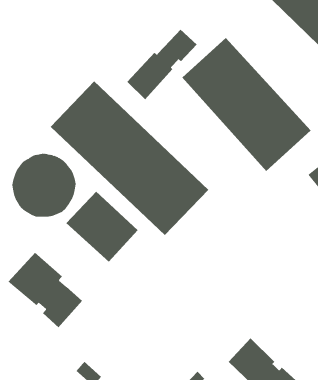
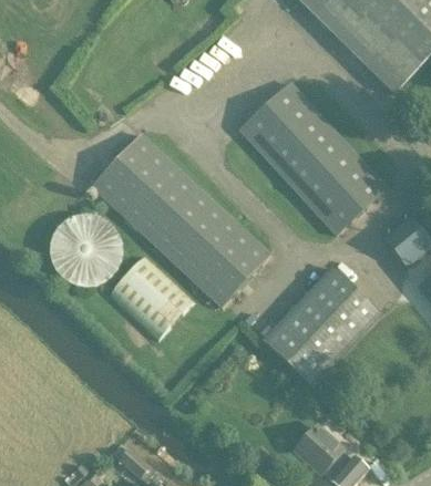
building: [126,29,198,100] -> none
building: none -> [264,267,381,386]
building: [7,252,83,328] -> none

